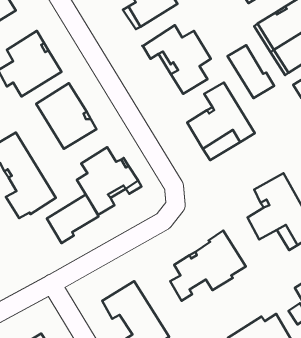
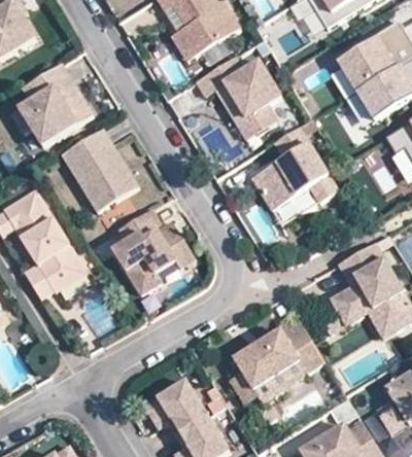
building: [227,45,274,98] -> none
building: [47,194,99,243] -> none

